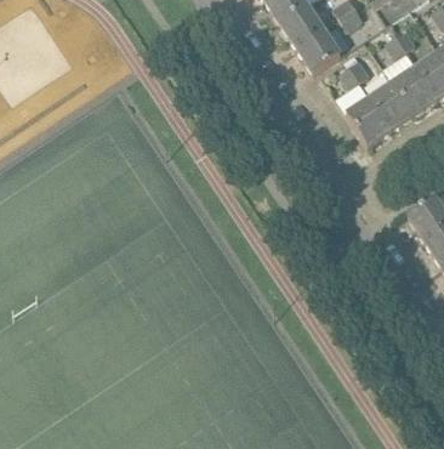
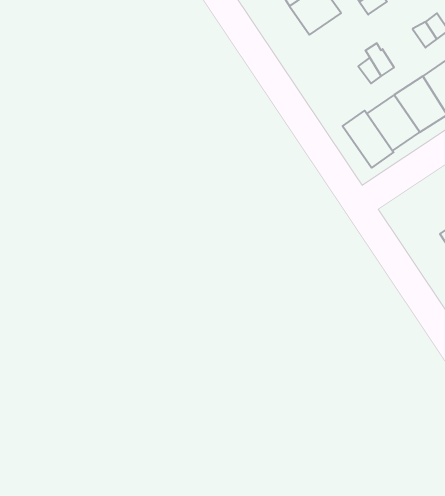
building: [298,29,342,73] -> none
building: none -> [343,111,394,168]

